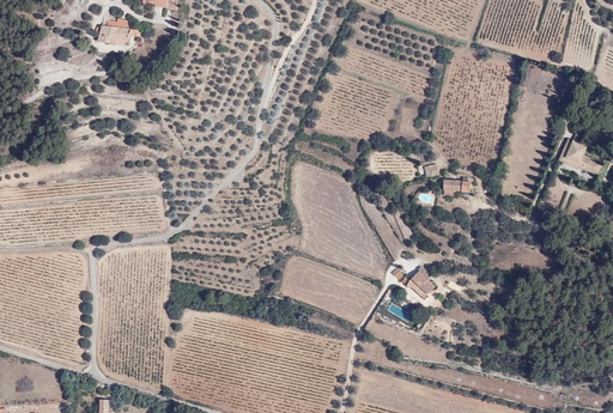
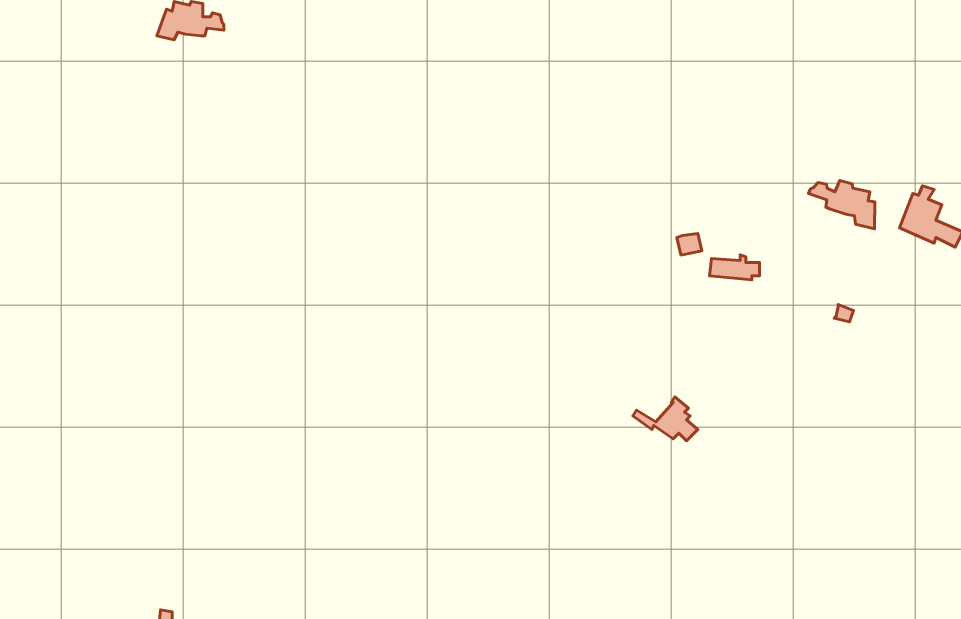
building: none -> [808,180,875,229]

